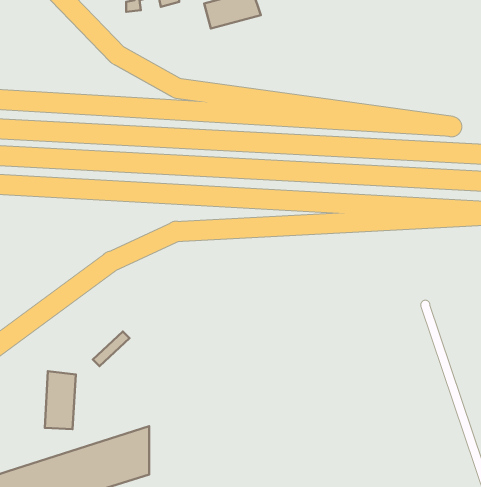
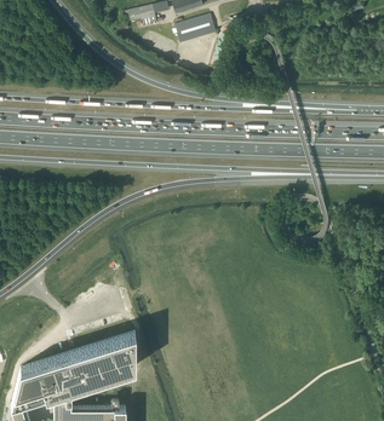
building: [45,371,76,429] -> none

